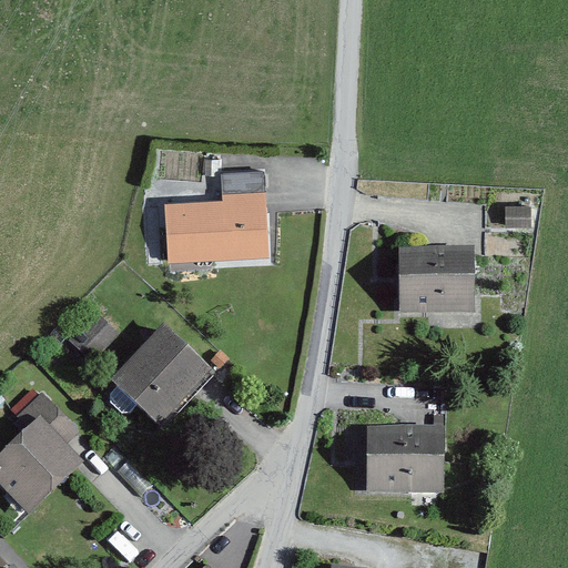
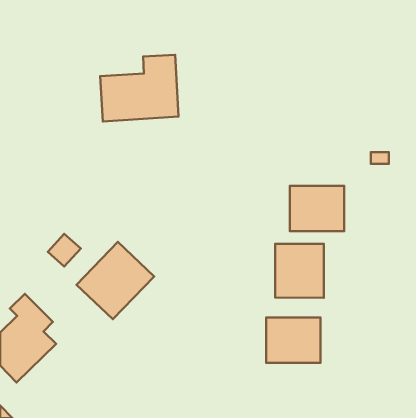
building: [164,170,270,260] -> [100,55,178,121]
building: none -> [275,244,324,298]

